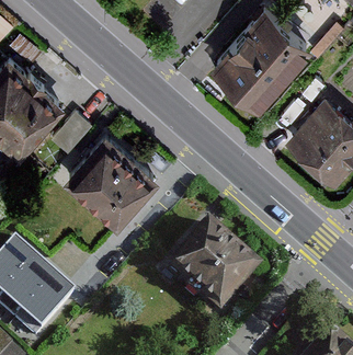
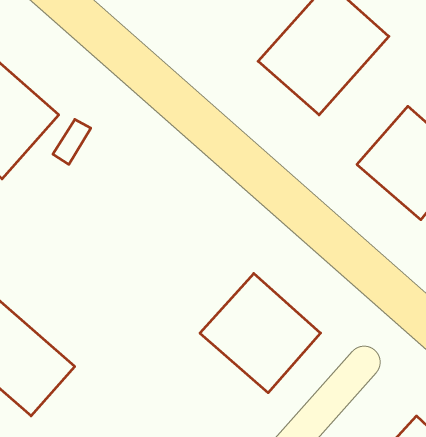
building: [64,130,158,224] -> none

